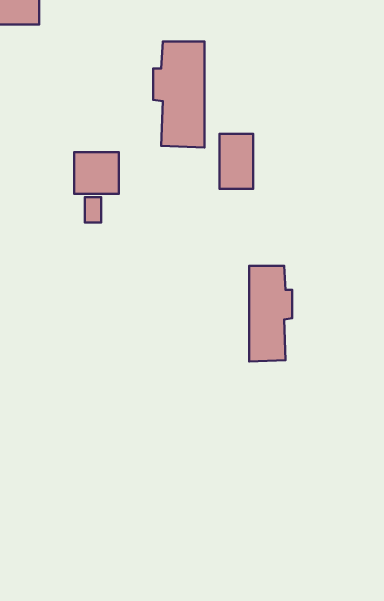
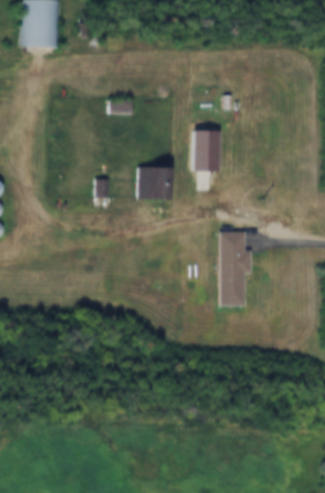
building: [153,42,205,147] -> none
building: [74,152,119,194] -> [138,167,172,199]

